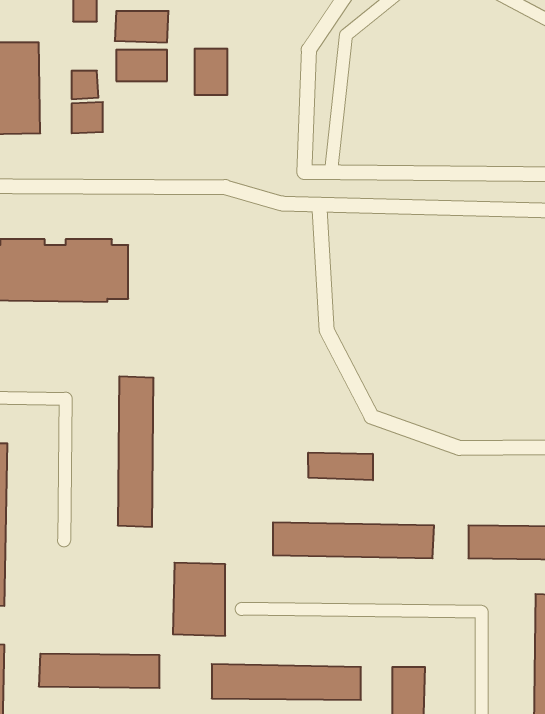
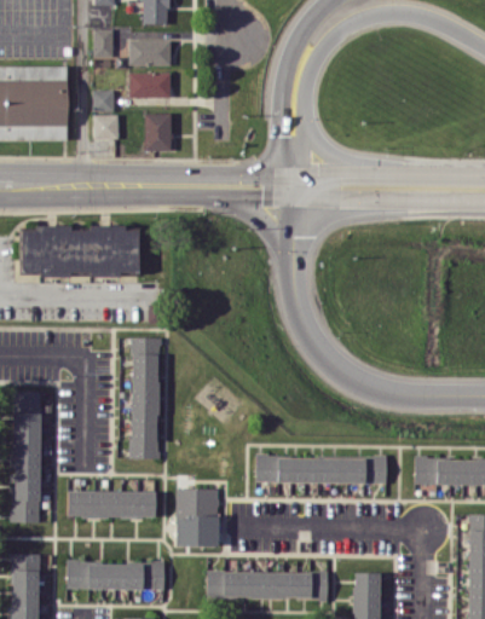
building: [195,49,227,95] -> [145,114,172,151]
building: [308,453,373,480] -> none
building: none -> [68,491,156,519]

